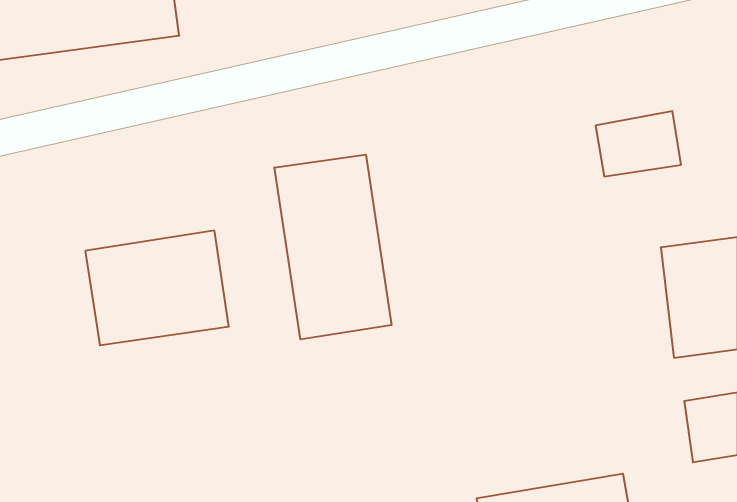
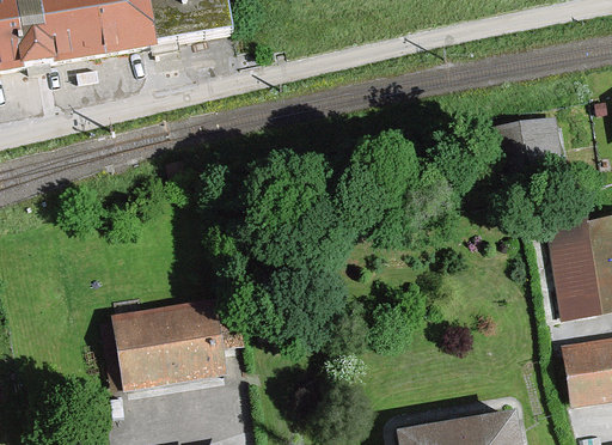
building: [274,155,392,339] -> none
building: [85,231,229,345] -> [111,294,230,389]

